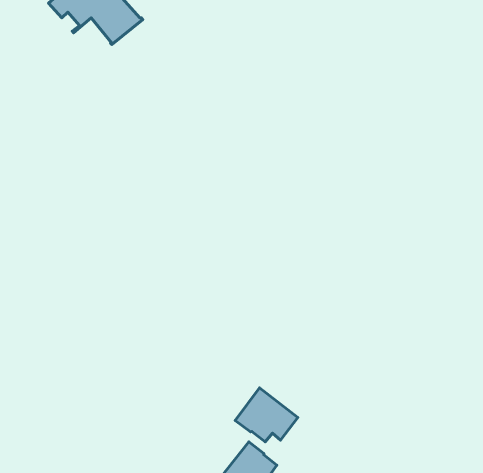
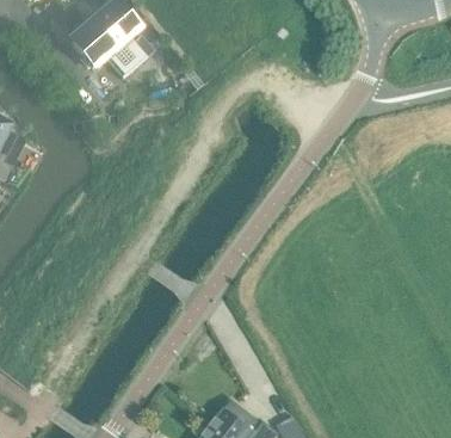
building: [235,388,298,442] -> none

